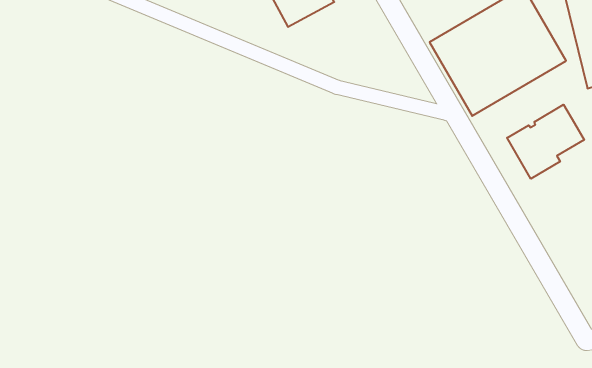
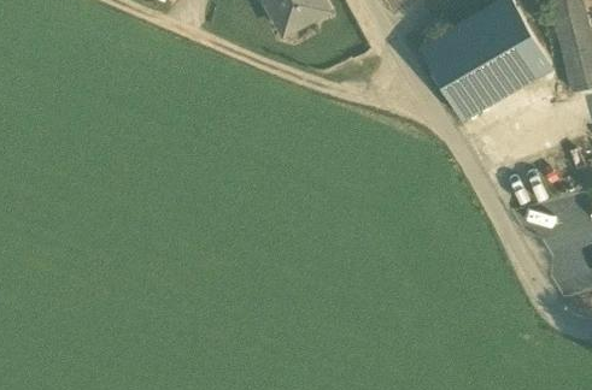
building: [507,105,584,179] -> none

